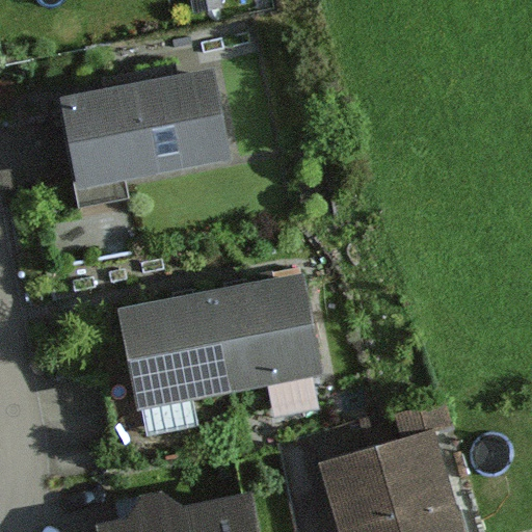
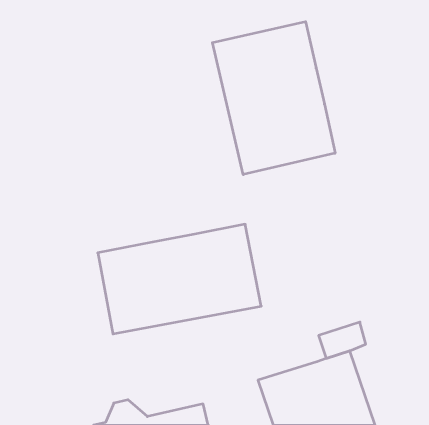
building: none -> [212,22,335,175]
building: [59,65,231,206] -> none

